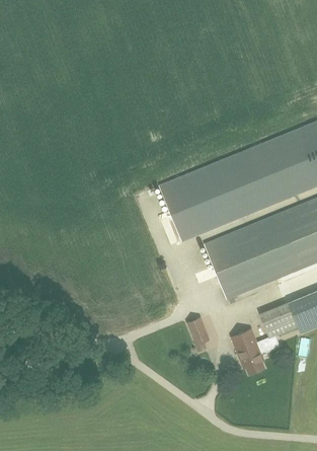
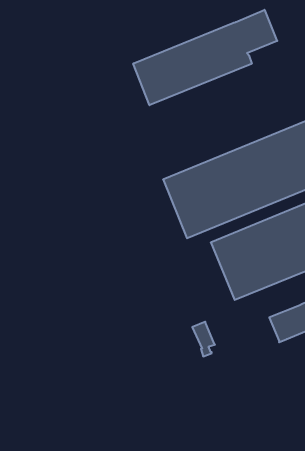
building: none -> [133,10,277,105]
building: [232,329,264,374] -> none

